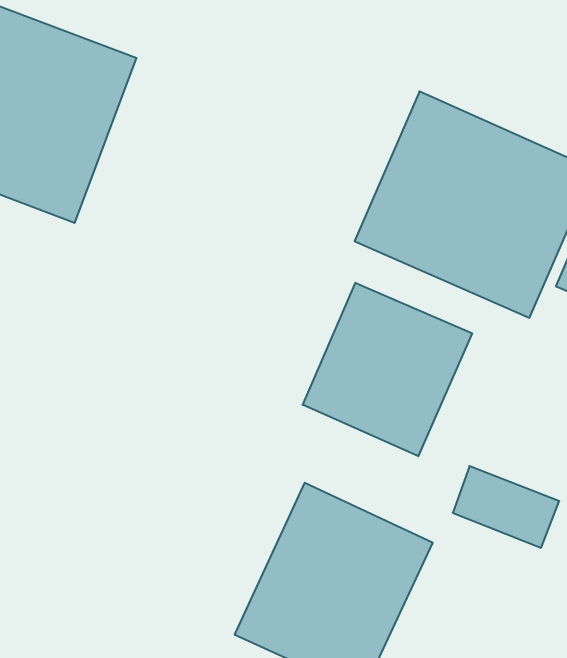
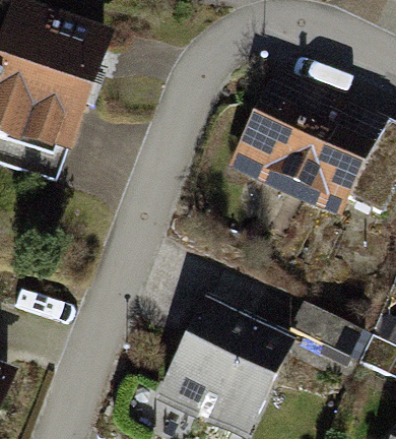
building: [303,283,472,456] -> none

